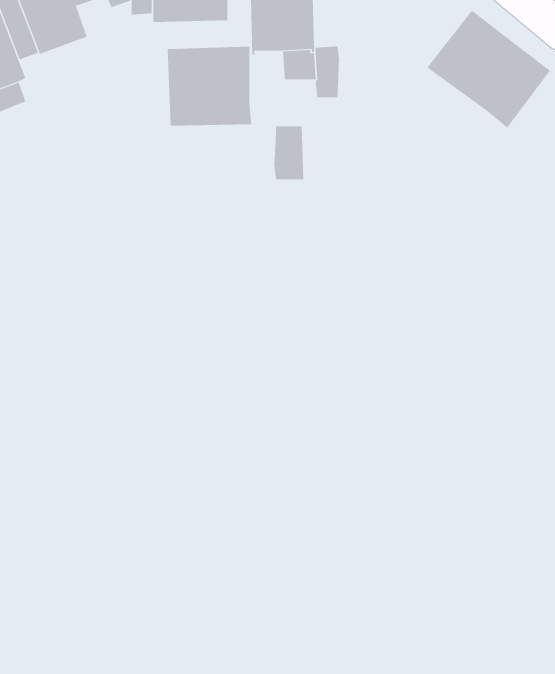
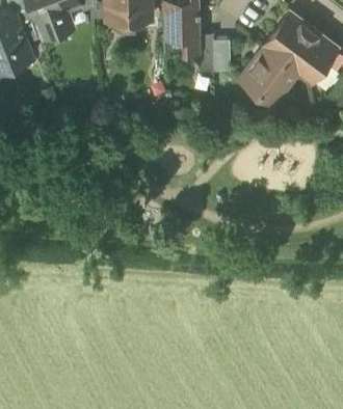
building: [167,46,252,127] -> none
building: none -> [240,47,298,102]
building: [274,126,304,180] -> [213,42,231,73]

